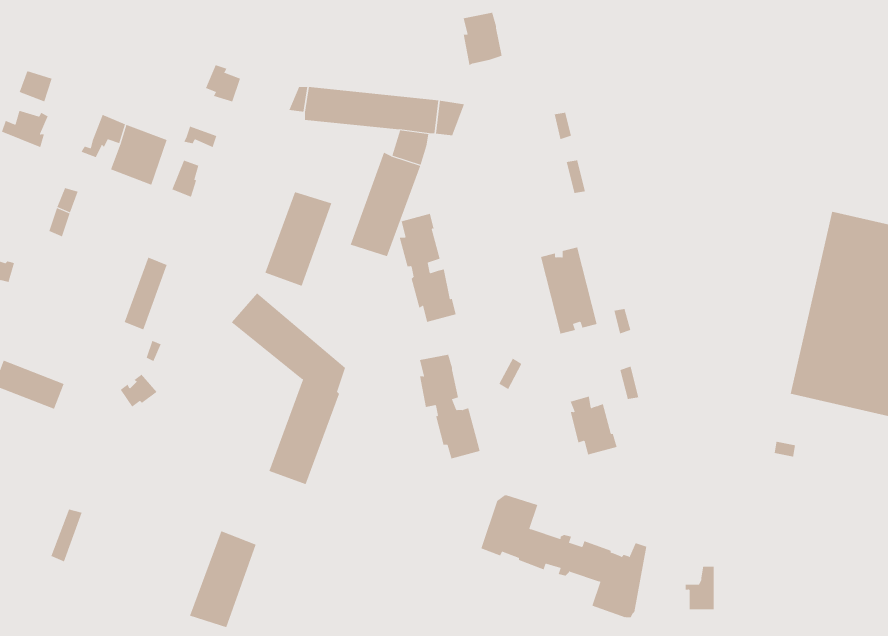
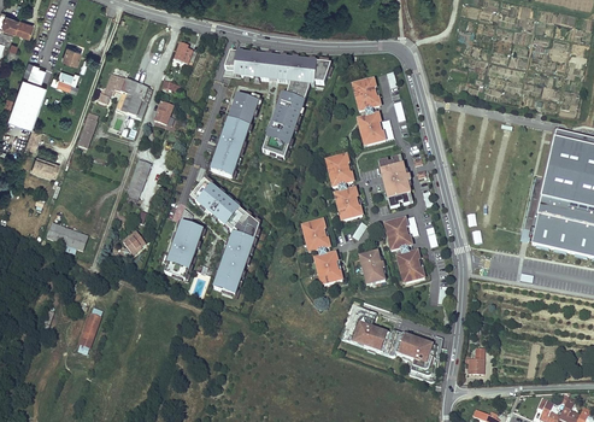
building: [463,12,503,66] -> [354,77,378,110]
building: none -> [228,95,259,127]
building: none -> [355,111,384,143]
building: [399,213,456,322] -> [327,152,361,218]
building: none -> [386,216,411,248]
building: none -> [358,248,384,283]
building: [189,531,256,628] -> [163,222,204,281]

